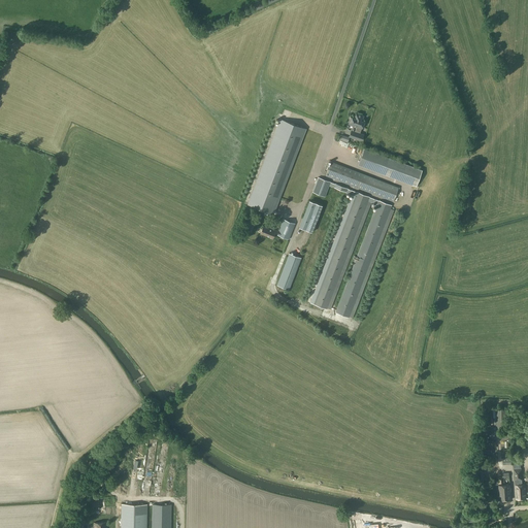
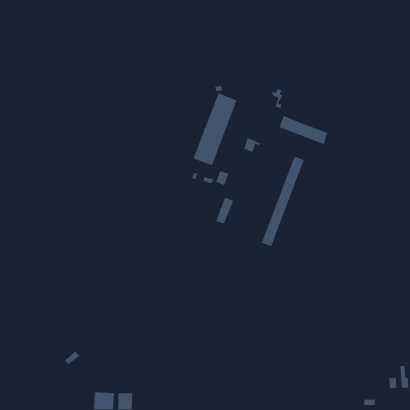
building: [325,161,399,201] -> none
building: [314,192,378,309] -> none
building: [299,200,323,232] -> none

